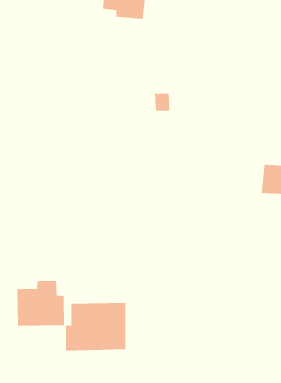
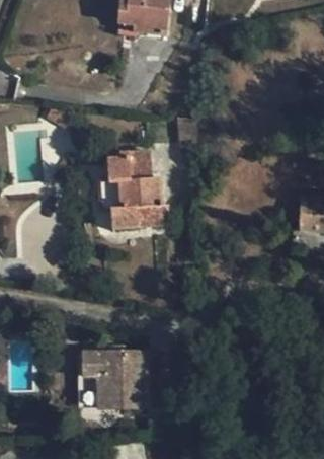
building: none -> [106,151,161,228]
building: [17,280,64,327] -> none

